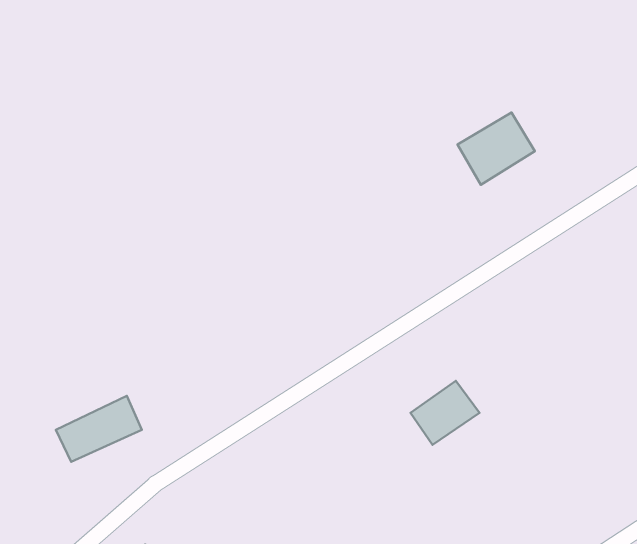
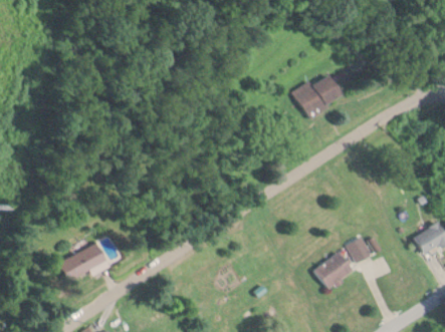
building: [410,381,480,445] -> [313,253,355,291]
building: none -> [349,238,375,264]

